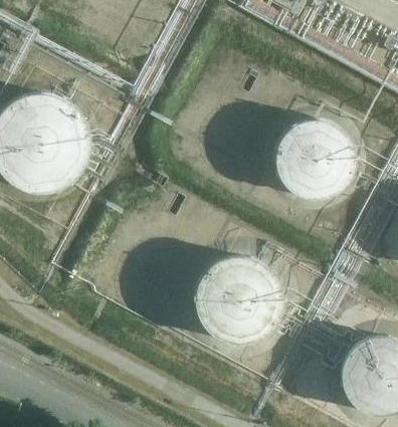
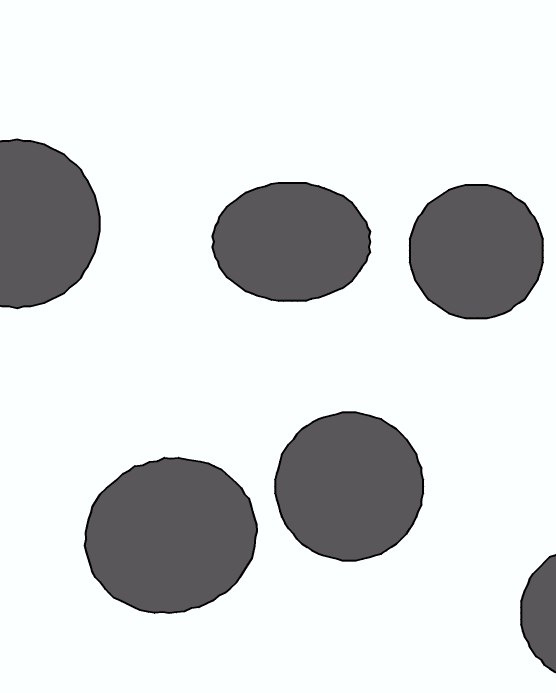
building: none -> [213,183,370,301]
building: none -> [85,458,257,613]

